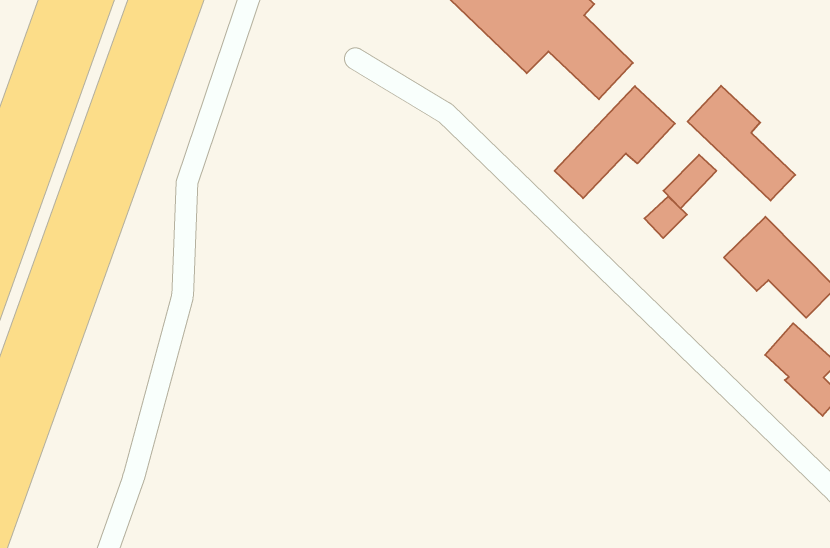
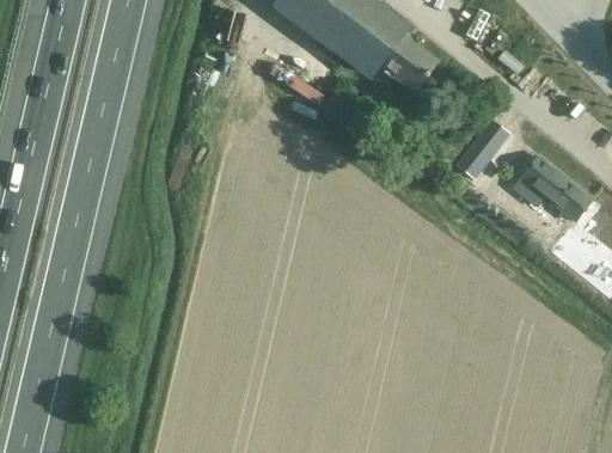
building: [688,86,795,201] -> none
building: [555,86,675,198] -> none

